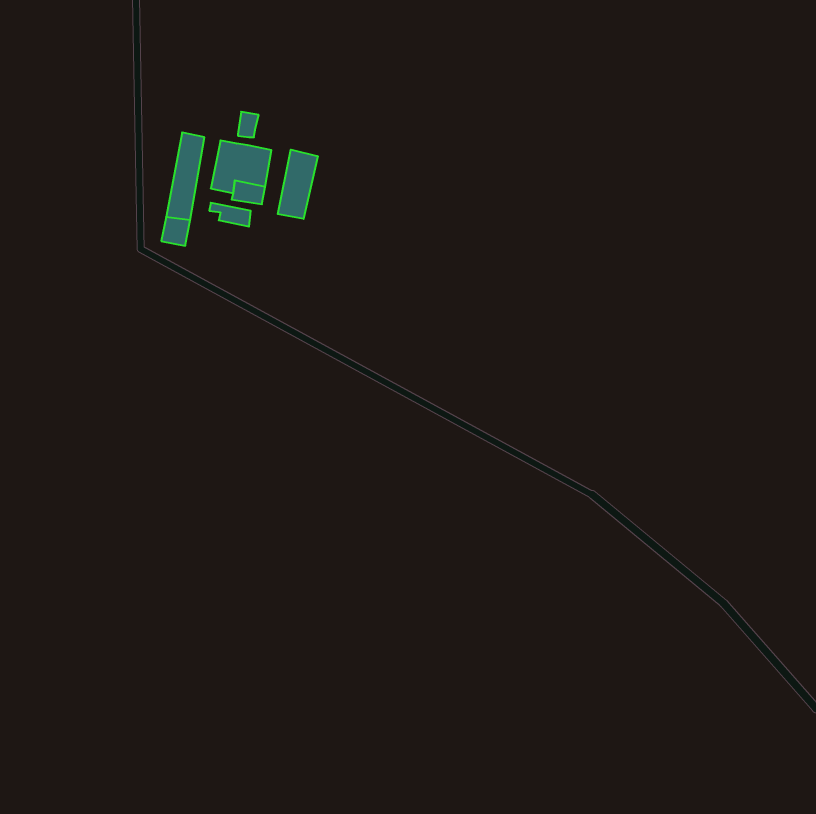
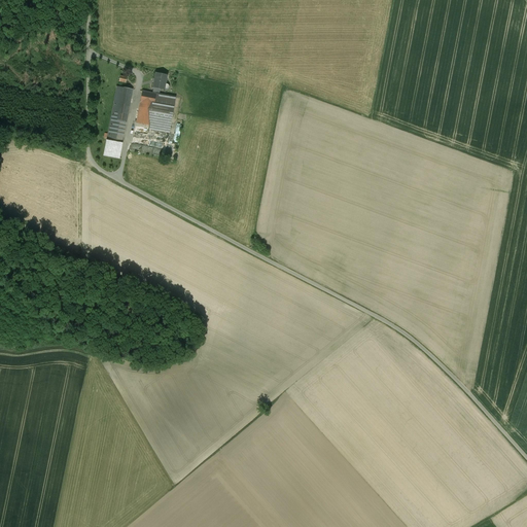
building: [278,150,318,219] -> none

